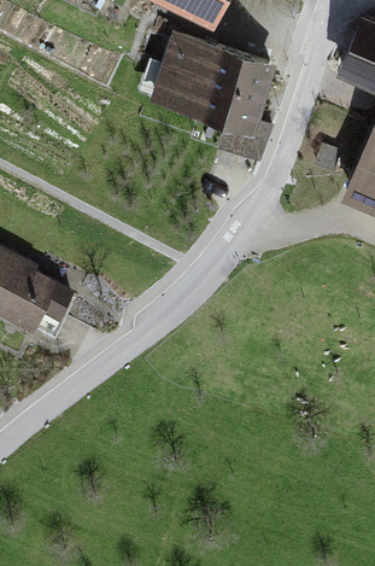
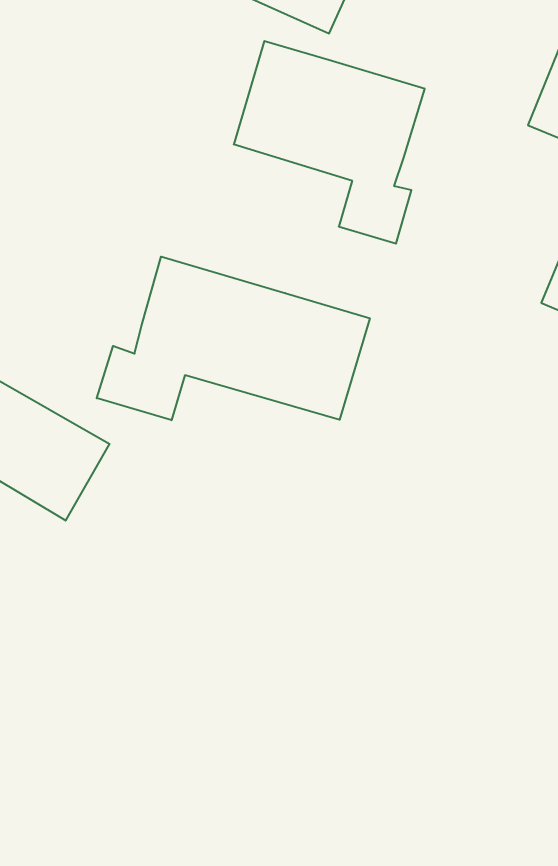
building: none -> [97,257,370,420]

